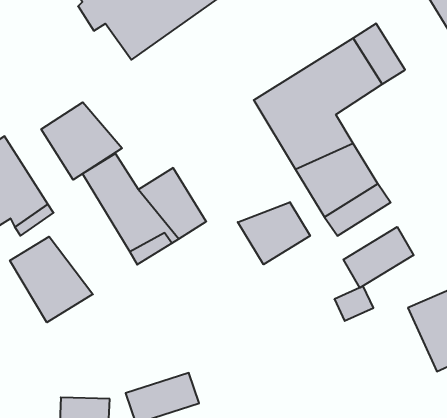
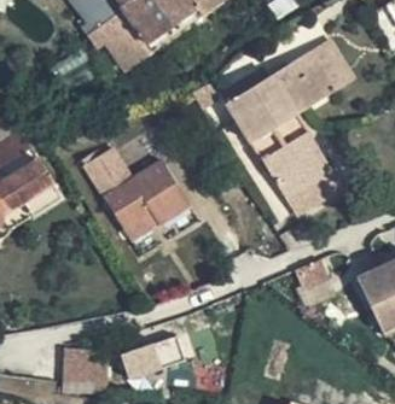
building: [41,102,122,180] -> none
building: [238,202,310,264] -> none
building: [343,227,414,288] -> none
building: [10,237,93,322] -> none

